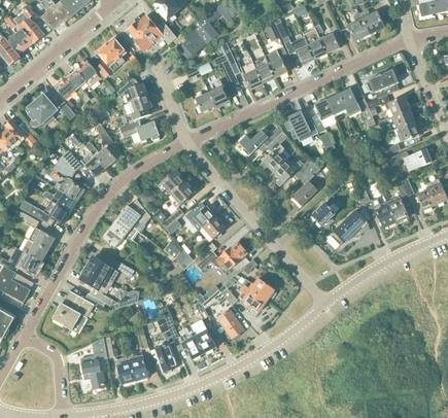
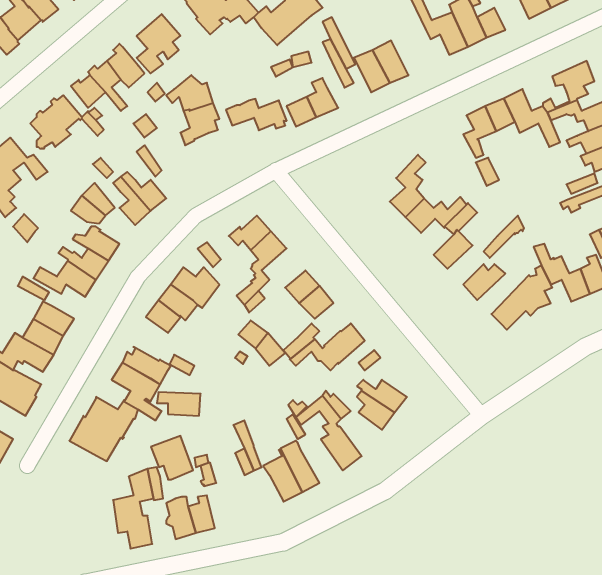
building: [264,37,286,78] -> none
building: [287,111,317,138] -> none
building: [118,120,159,141] -> [226,99,287,130]
building: [238,126,281,154] -> none
building: [150,343,178,372] -> [151,436,193,480]

